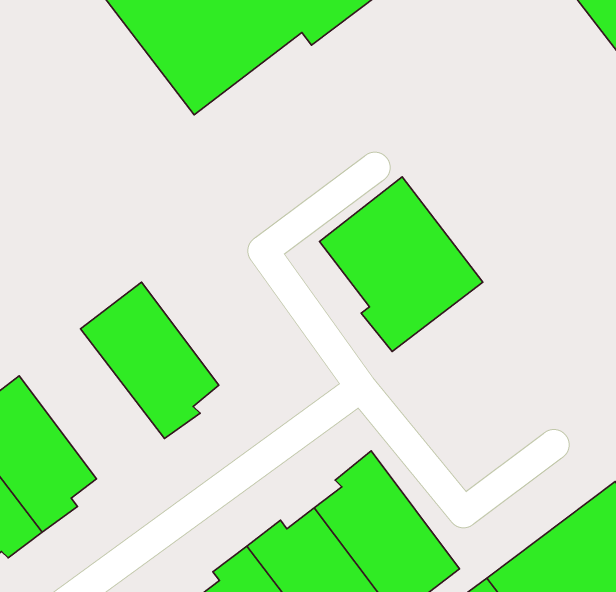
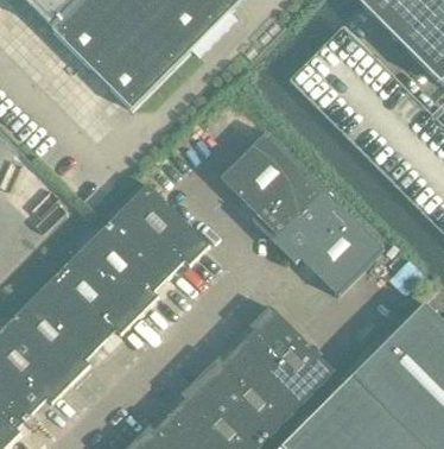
building: none -> [113,182,210,276]
building: none -> [275,189,385,295]
building: none -> [44,252,140,344]

